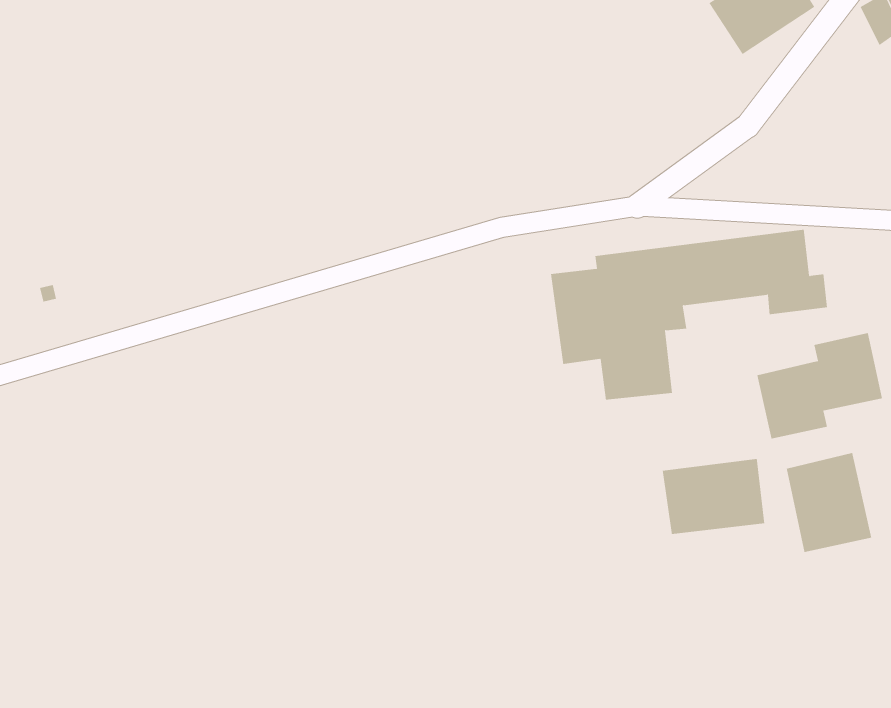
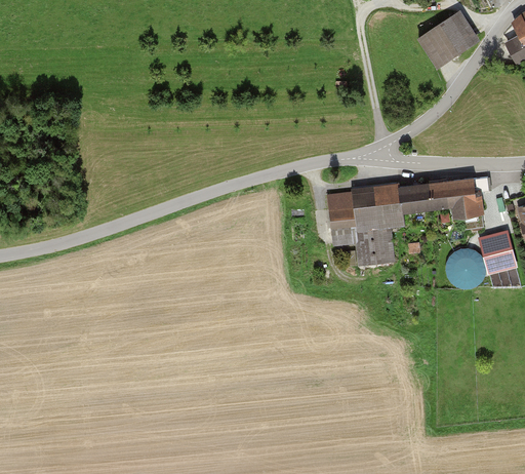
building: [786,452,872,553] -> none
building: [662,458,765,535] -> none

